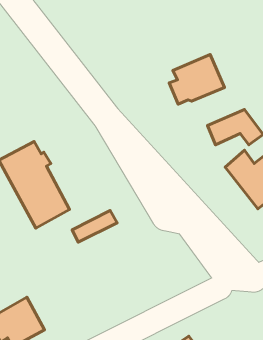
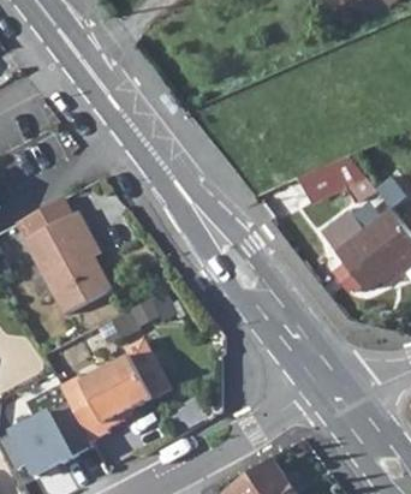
building: [169,55,224,104] -> none
building: none -> [60,340,169,441]

